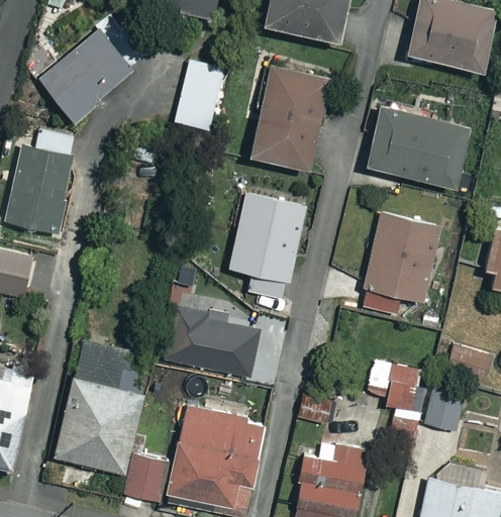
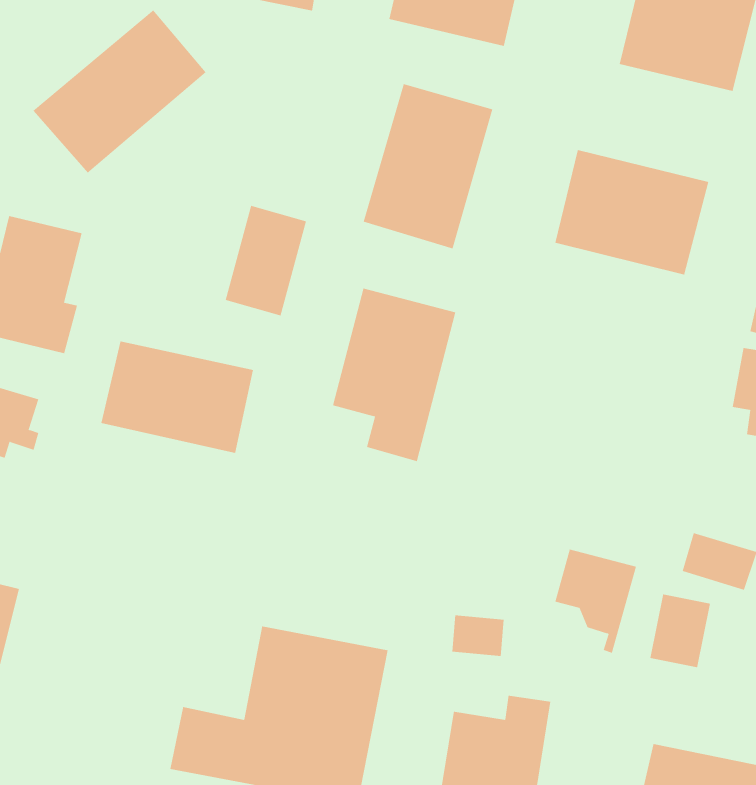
building: [175,61,226,130] -> [225,205,307,316]
building: [359,211,439,323] -> none
building: [167,308,263,379] -> [101,341,254,454]
building: [55,340,148,472] -> none

